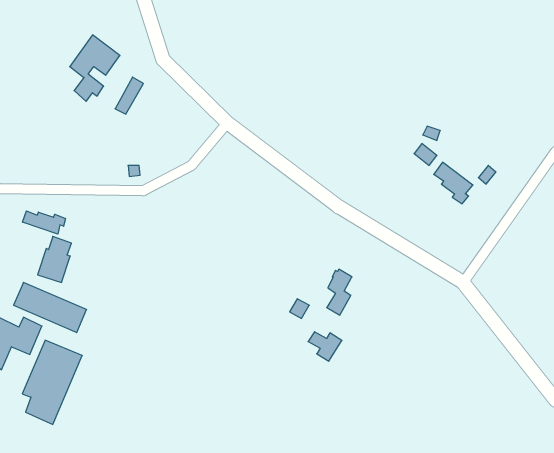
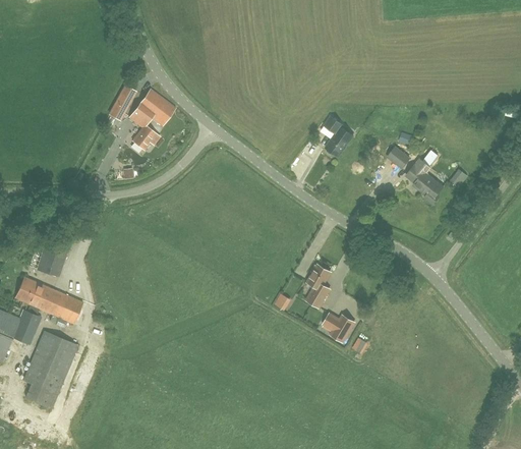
building: [70,35,120,101] -> [128,89,175,151]
building: none -> [325,117,353,158]
building: [23,211,65,234] -> none
building: [308,332,342,361] -> [323,315,354,342]

